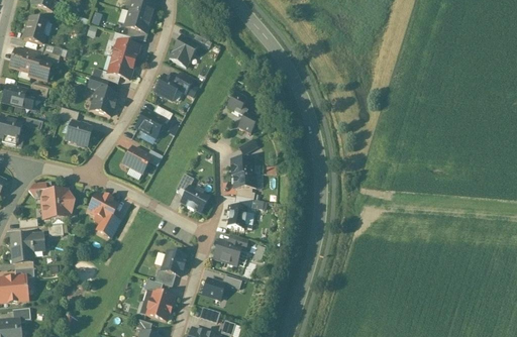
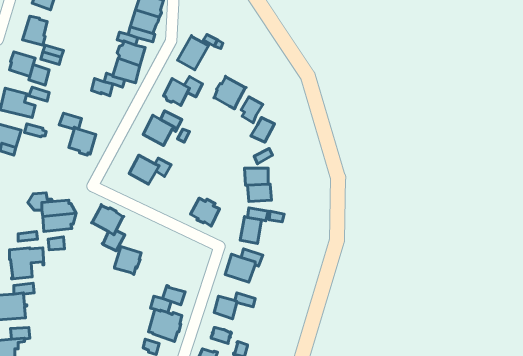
building: none -> [214,76,246,109]
building: [91,88,117,115] -> none
building: [161,250,186,276] -> [114,246,141,274]

